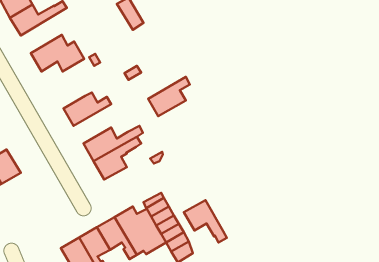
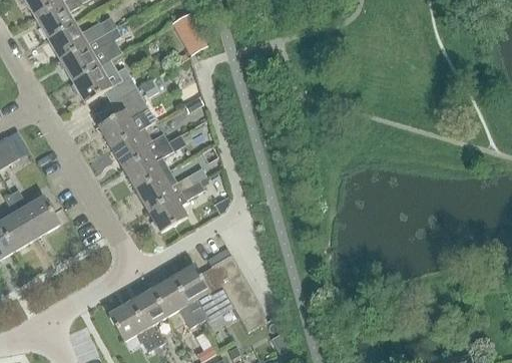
building: none -> [59,27,120,81]
building: none -> [97,88,154,147]
building: [148,77,190,116] -> [122,142,172,190]
building: [184,200,227,242] -> none

